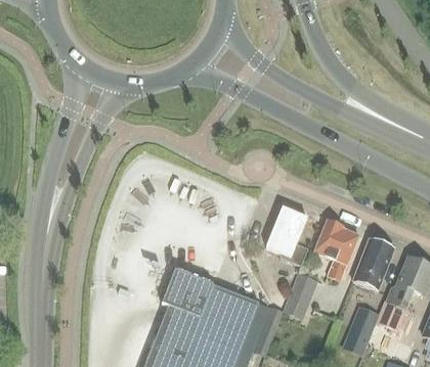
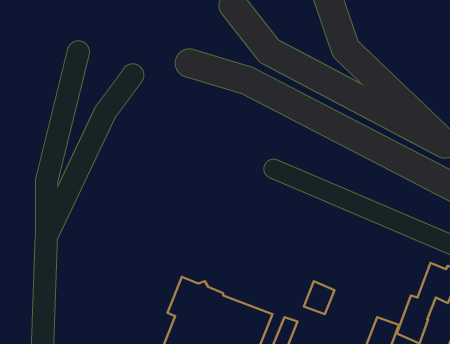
building: [265,208,307,262] -> none
building: [314,220,359,280] -> none
building: [353,239,394,290] -> none

